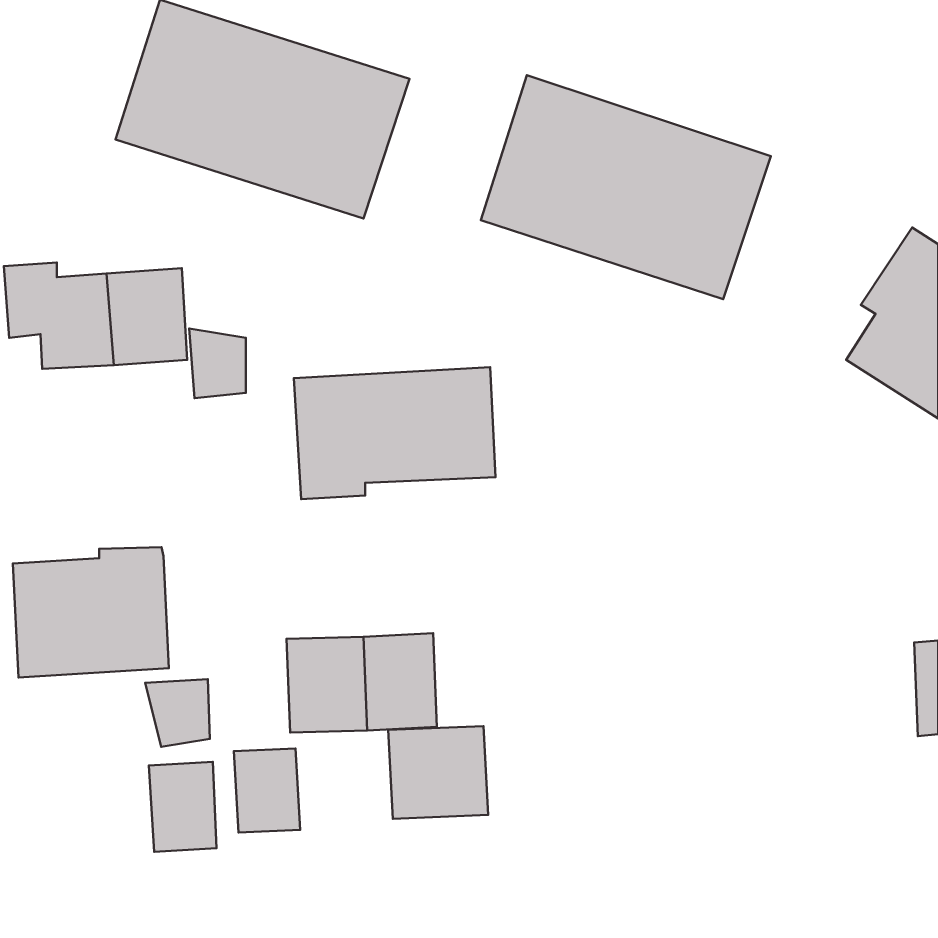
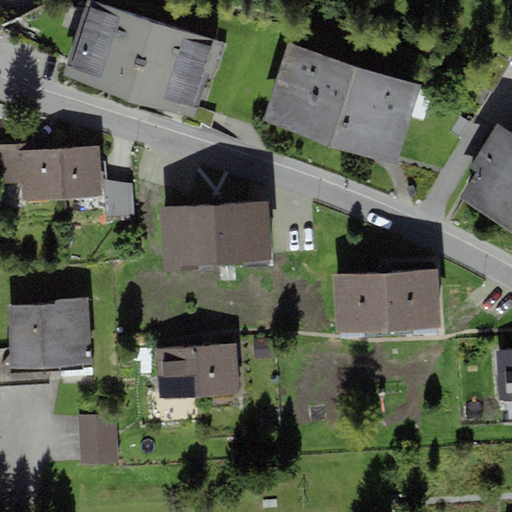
building: none -> [332,269,440,333]
building: [145,679,210,747] -> none
building: [388,726,488,819] -> none
building: [234,749,300,833] -> none

